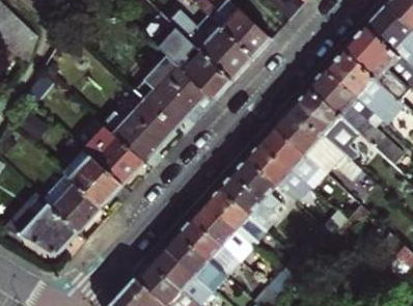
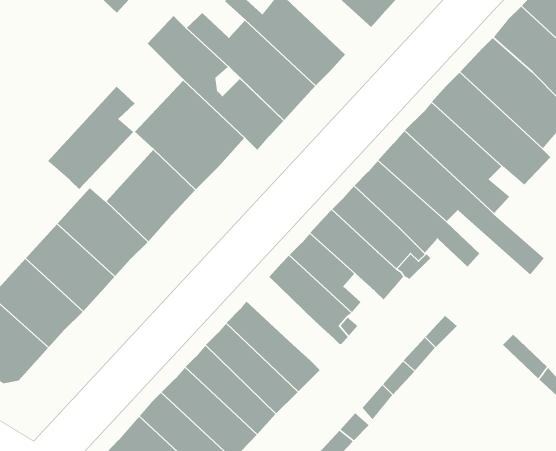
building: none -> [47,86,135,190]
building: [205,184,268,245] -> none

